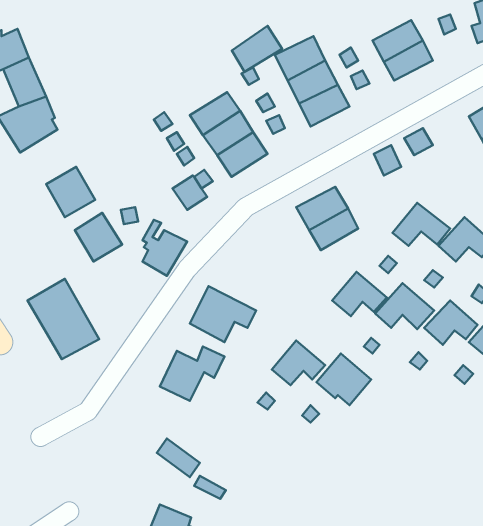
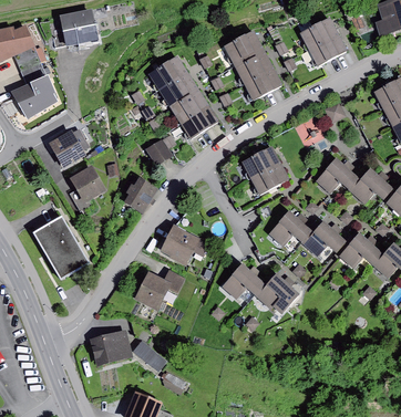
building: none -> [60,9,100,49]
building: [232,26,282,72] -> [150,56,188,92]
building: none -> [92,331,131,363]

